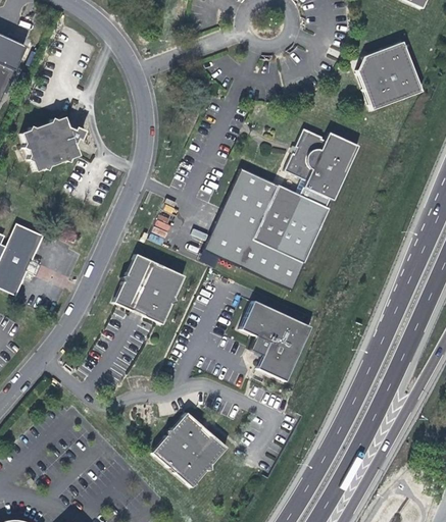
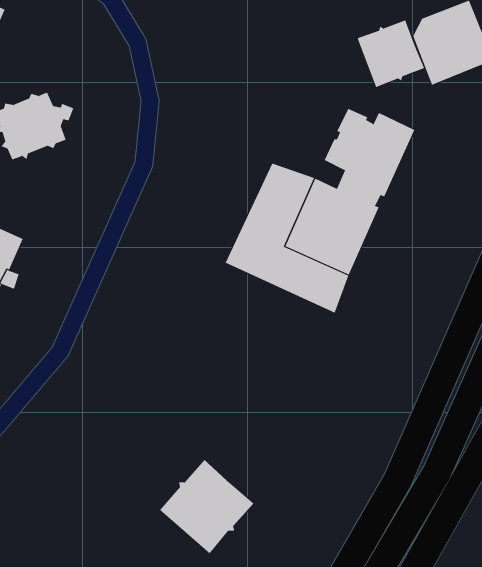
building: none -> [357,19,425,88]
building: [112,253,183,324] -> none
building: [237,302,307,383] -> none

